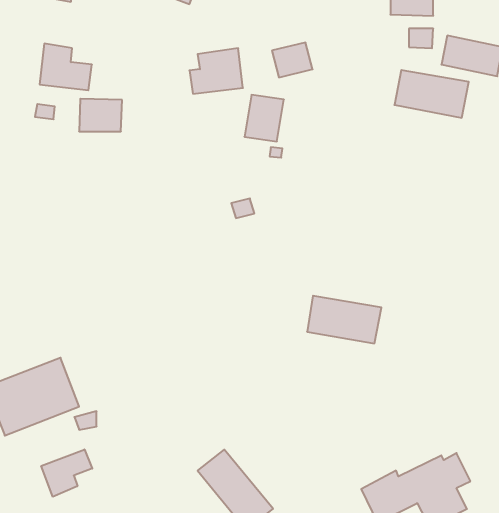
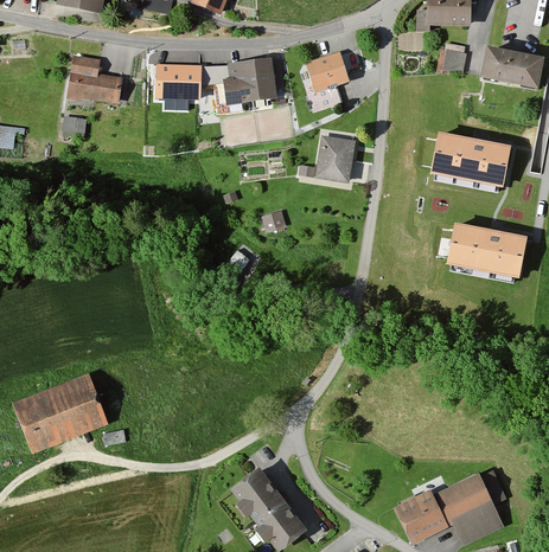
building: [394,70,469,118] -> [436,137,512,186]
building: [244,95,284,141] -> [315,136,356,184]
building: [79,99,122,131] -> [160,62,204,95]
building: [307,296,381,343] -> [453,229,529,277]
building: [41,449,92,497] -> none

